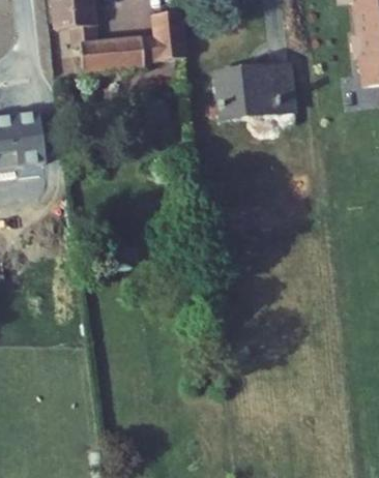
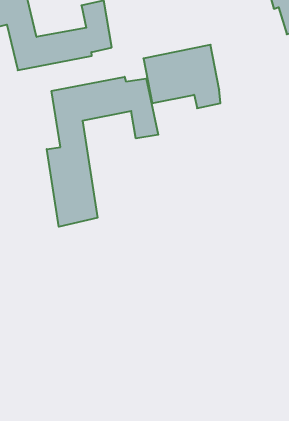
building: none -> [47,77,158,227]

